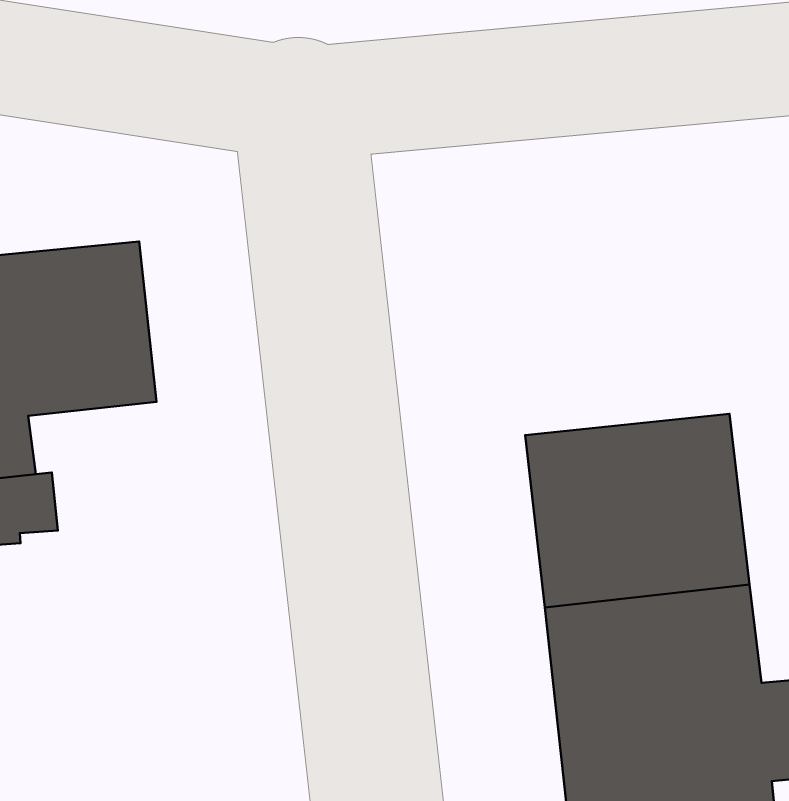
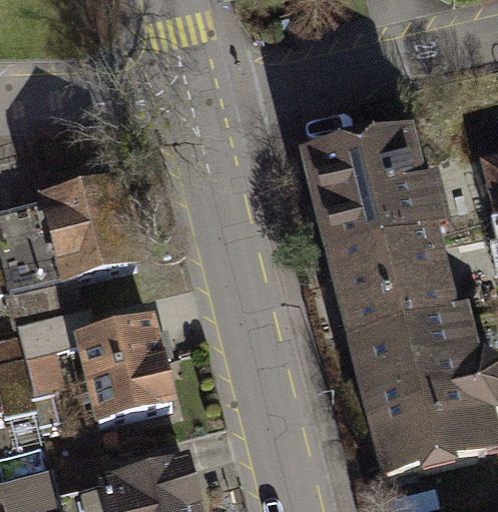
building: none -> [306,133,431,252]
building: none -> [79,320,174,420]

